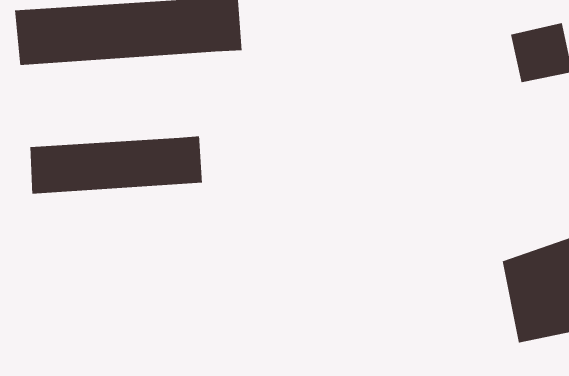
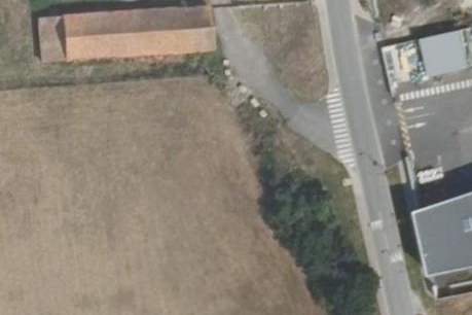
building: [30,135,202,194] -> none

